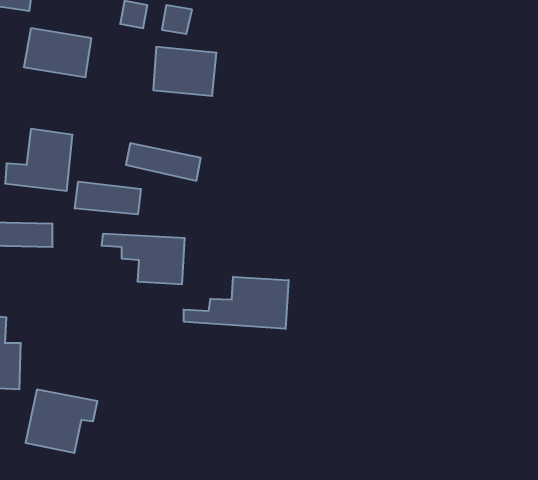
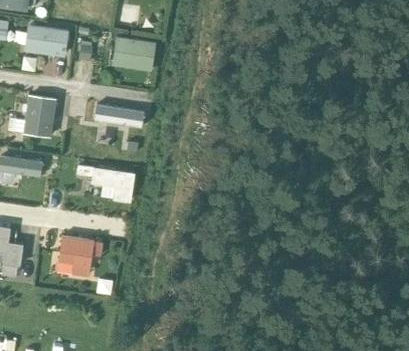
building: [75,182,141,214] -> none
building: [184,277,289,329] -> none
building: [25,390,97,453] -> [54,234,104,278]

